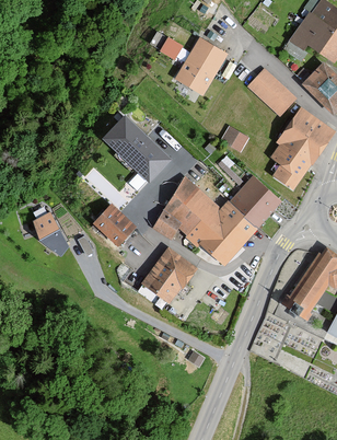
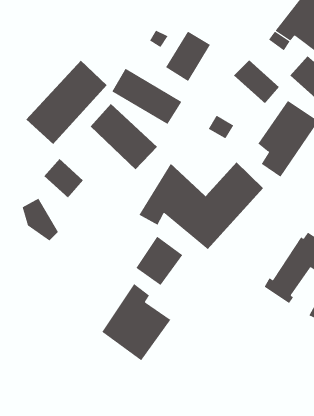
building: none -> [25,60,108,145]
building: none -> [112,68,182,125]
building: [97,205,139,246] -> [44,158,84,198]
building: none -> [101,283,171,361]

